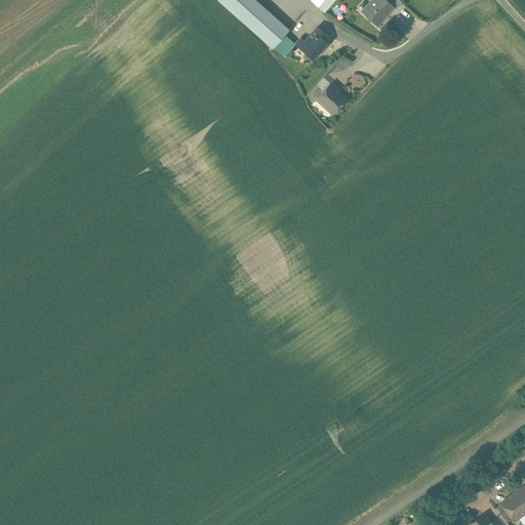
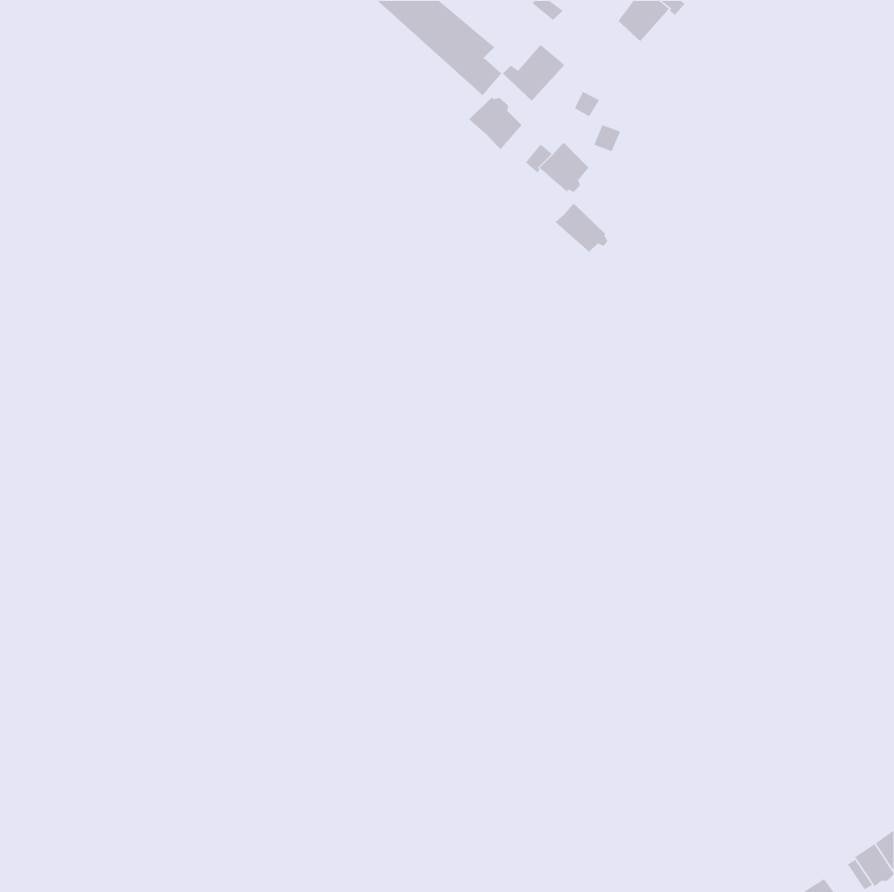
building: none -> [468,96,522,150]
building: none -> [555,202,608,252]

